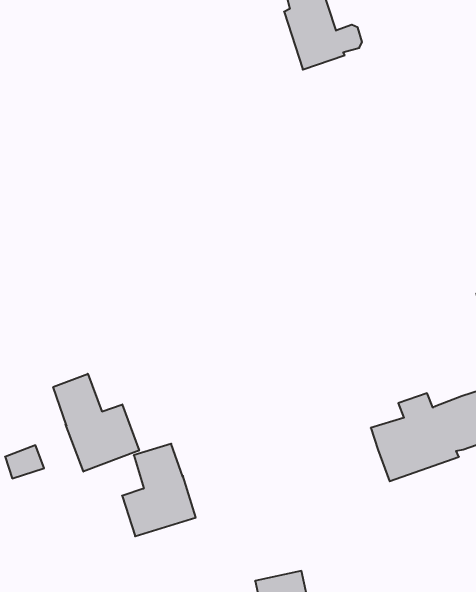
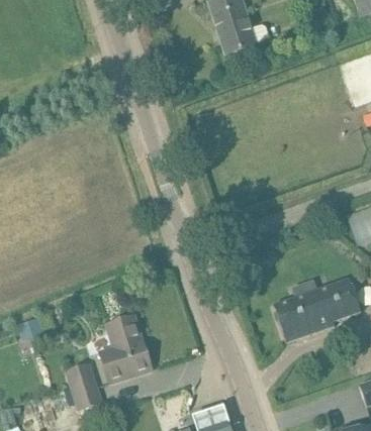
building: [53,374,139,472] -> none
building: none -> [66,362,101,407]

